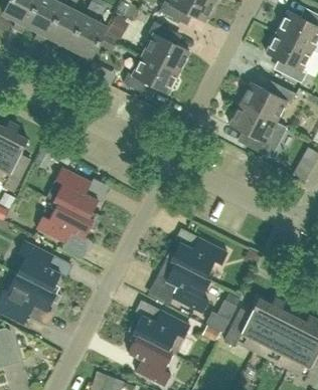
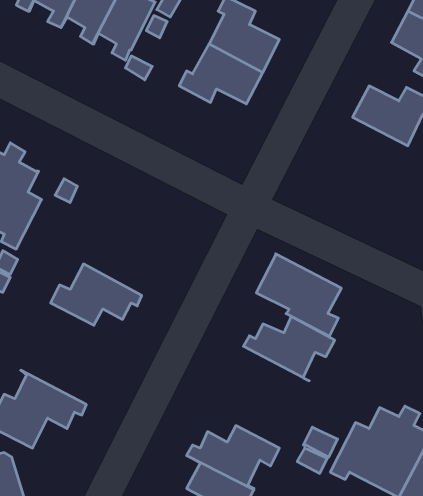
building: [229,103,277,154] -> none
building: [53,167,102,222] -> none
building: [16,240,61,296] -> none
building: [153,256,210,312] -> [256,254,341,336]

